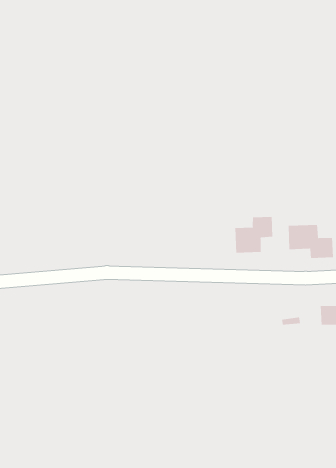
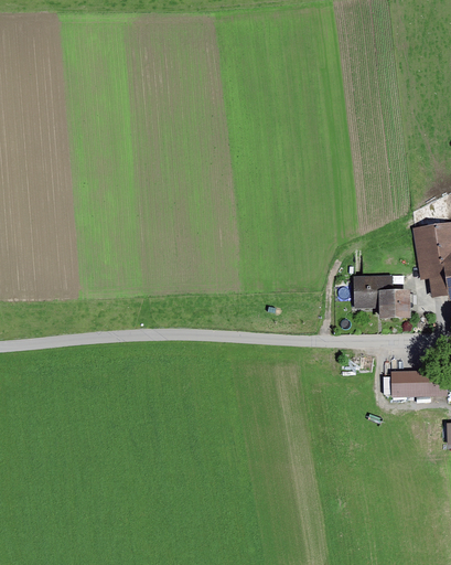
building: [235,216,273,254] -> none

